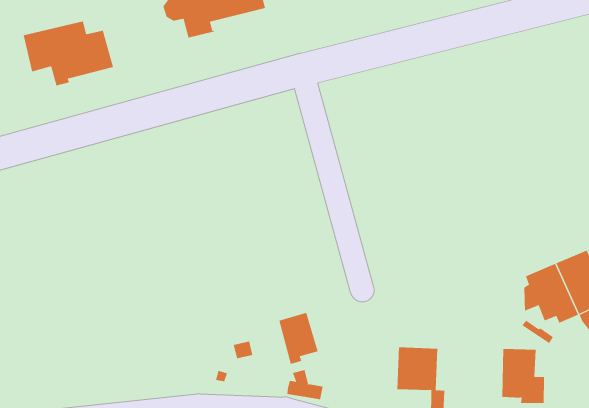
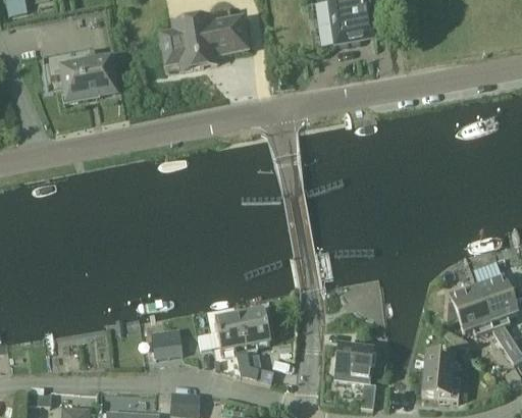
building: none -> [215,314,250,371]
building: none -> [152,334,182,358]

